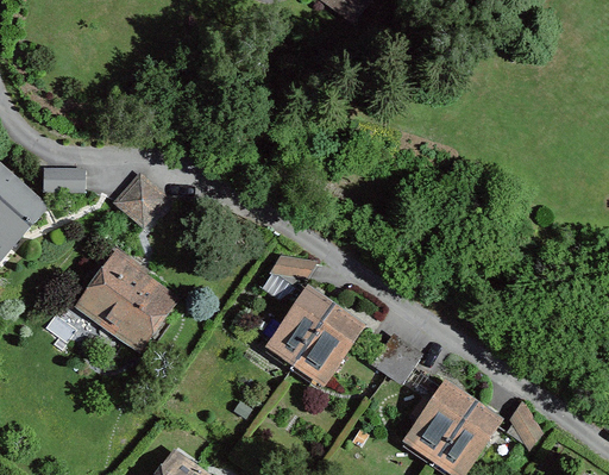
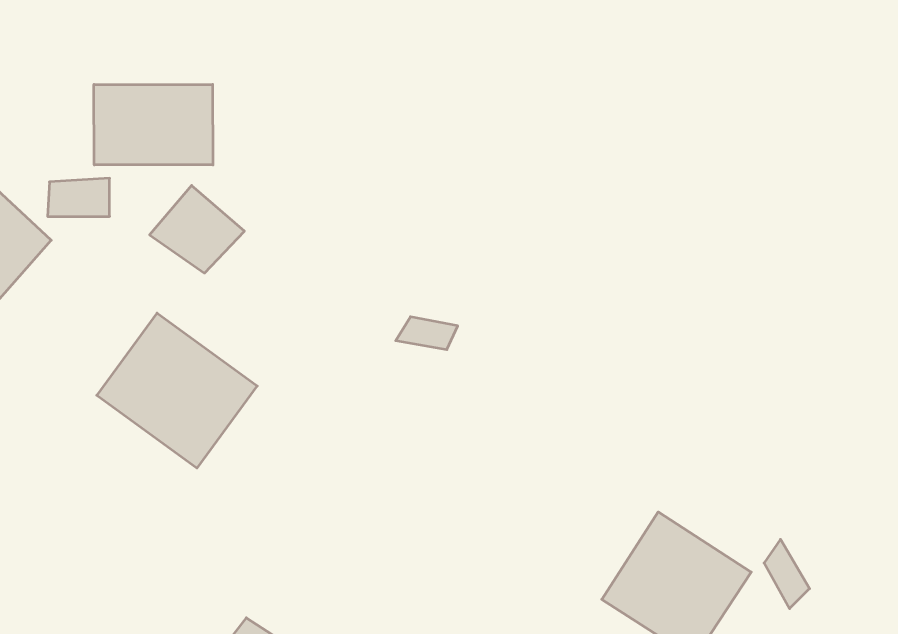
building: none -> [94,84,213,165]
building: [263,287,364,388] -> none

